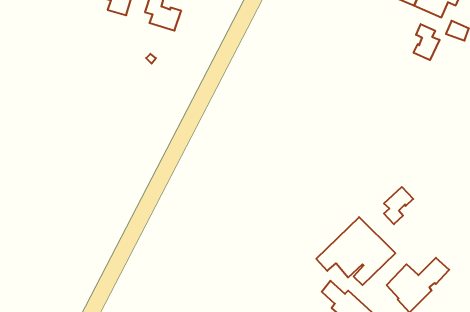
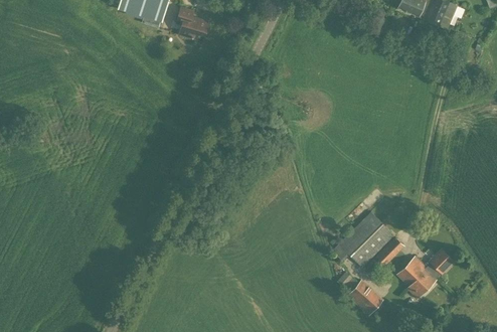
building: [414,24,440,60] -> none
building: [384,187,413,224] -> none

